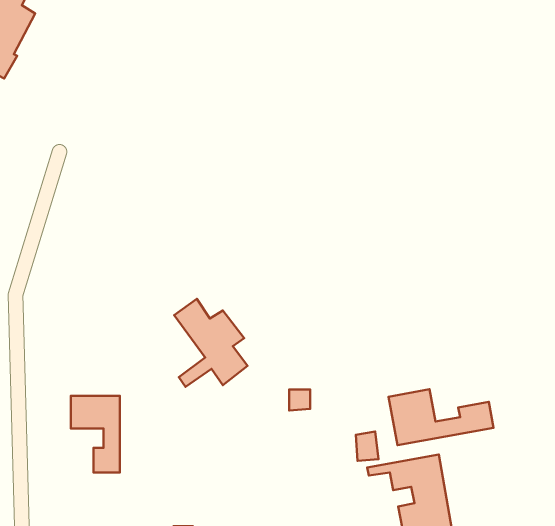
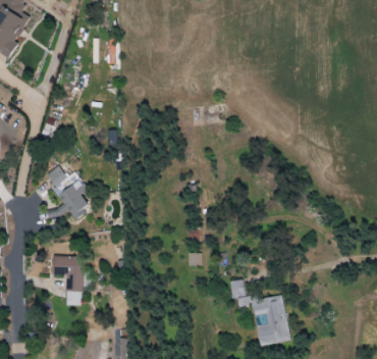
building: [174,299,247,387] -> [45,165,91,220]
building: [389,389,494,445] -> none

